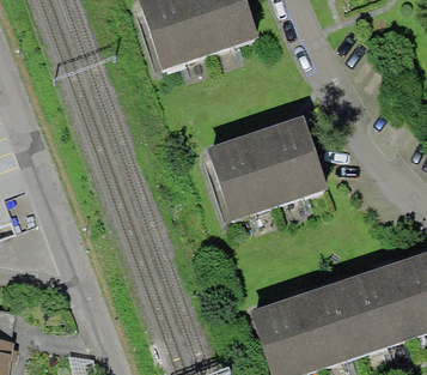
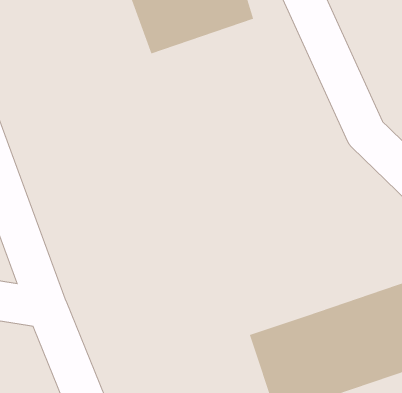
building: [209,116,327,218] -> none

